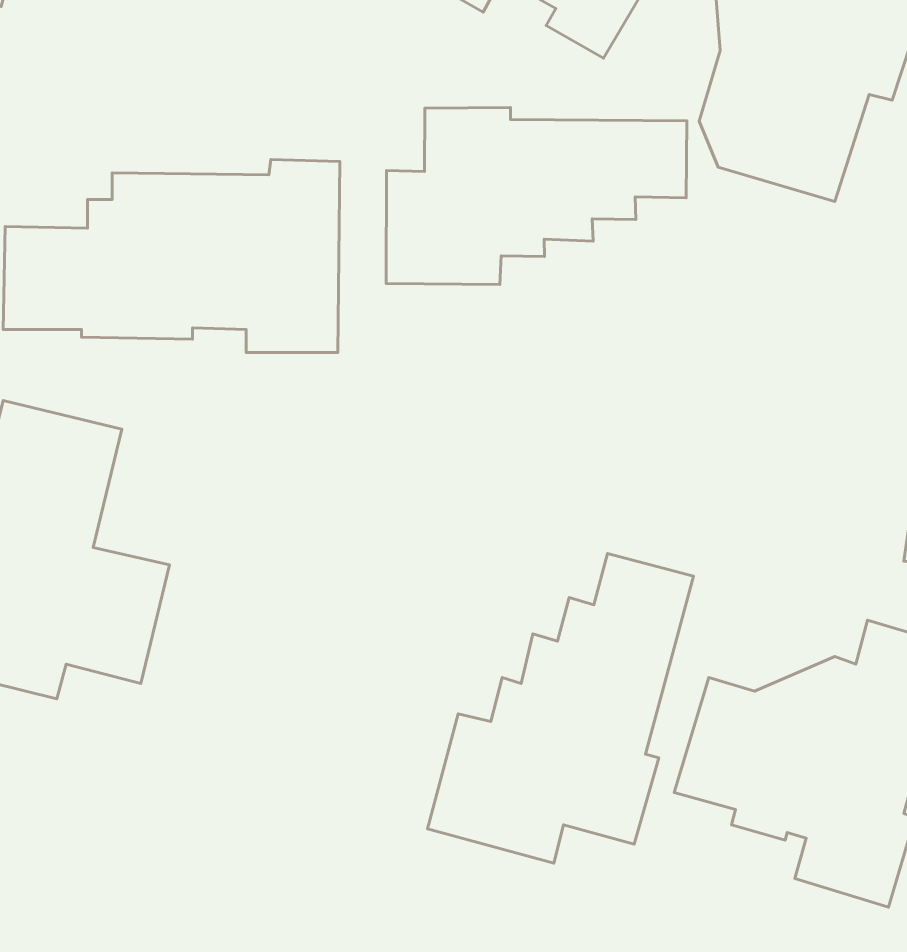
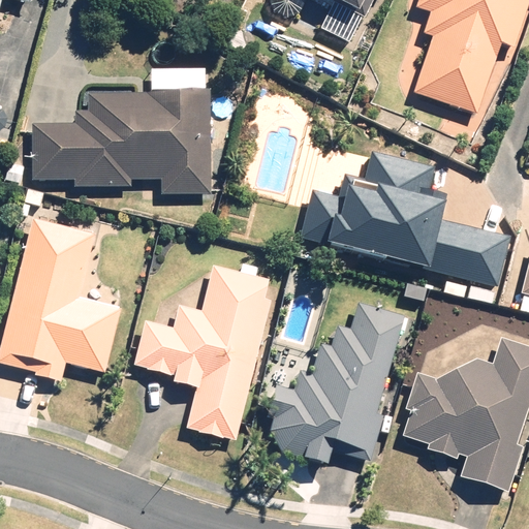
building: [386,107,687,285] -> none
building: none -> [304,153,509,282]
building: none -> [135,268,273,439]

